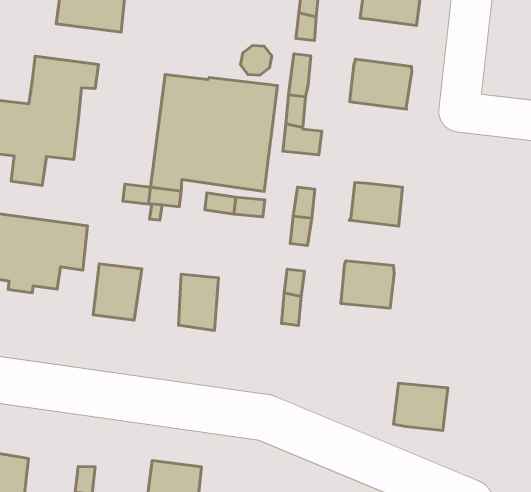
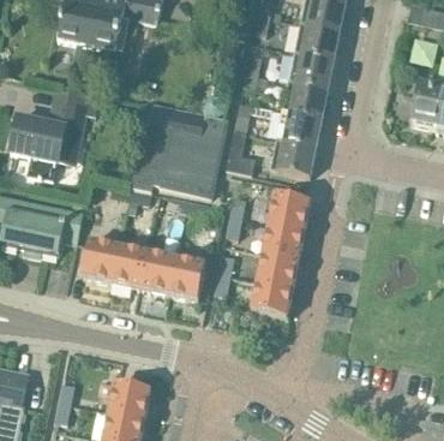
building: none -> [282,79,328,117]
building: none -> [270,138,316,177]
building: none -> [264,222,304,257]
building: none -> [110,245,146,287]
building: none -> [167,256,206,299]
building: [393,383,448,430] -> [252,281,293,317]

